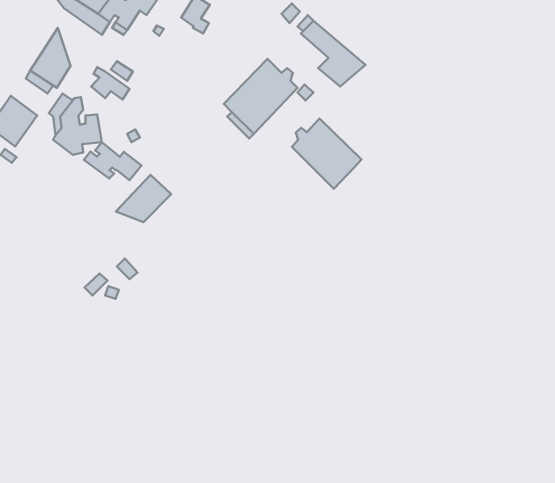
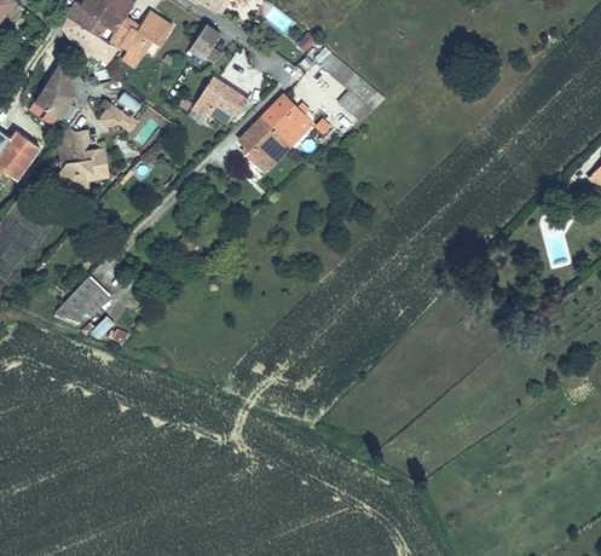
building: none -> [191,77,249,124]
building: [292,119,362,189] -> none
building: [84,142,142,180] -> none
building: [116,175,171,222] -> [52,276,110,325]

